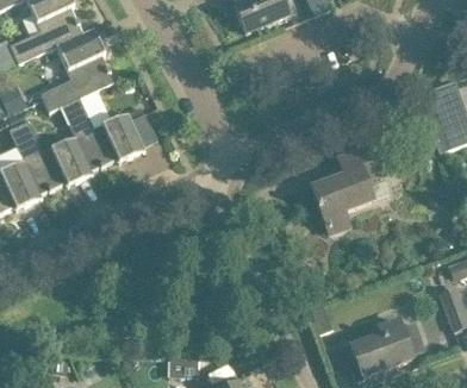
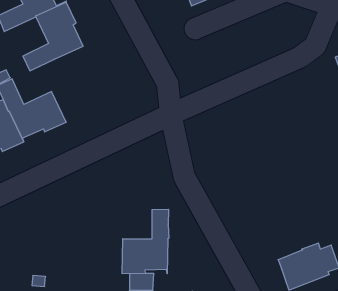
building: [61,98,144,174] -> none
building: [311,144,380,219] -> none
building: none -> [122,209,169,274]

